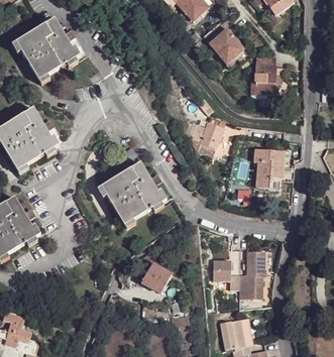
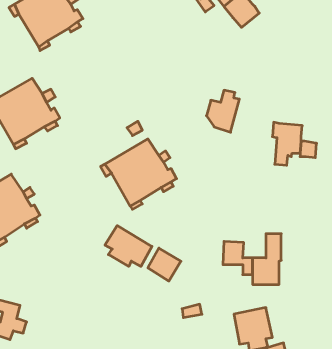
building: [253,55,281,95] -> none
building: none -> [105,226,152,266]

